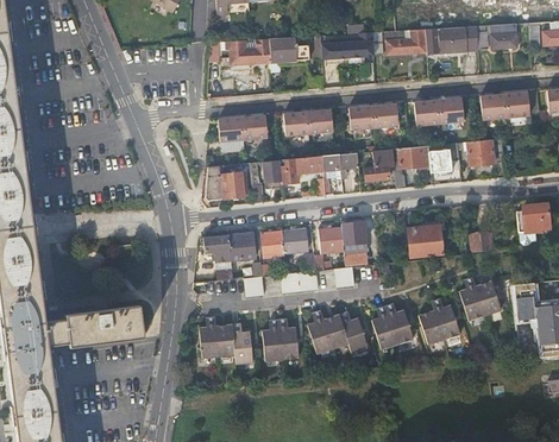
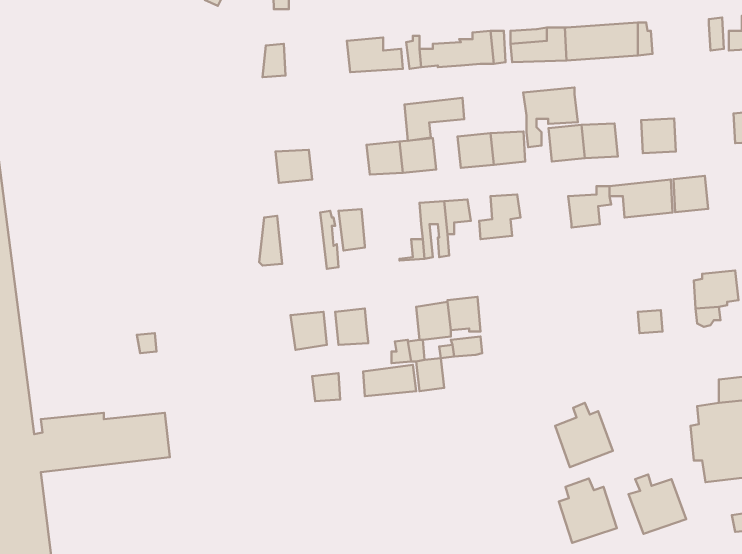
building: [490,23,517,48] -> none
building: [230,38,271,64] -> none
building: [504,91,529,118] -> [673,176,708,212]
building: [241,114,268,138] -> none
building: [391,145,431,188] -> [523,88,578,147]
building: [280,154,322,185] -> [405,98,464,141]
building: [220,173,247,198] -> none
building: [408,225,445,259] -> none
building: [282,228,307,254] -> none
building: [203,235,232,266] -> none
building: [458,276,500,318] -> [628,474,686,534]
building: [372,303,414,349] -> [559,478,617,543]
building: [307,310,369,354] -> none
building: [197,318,253,365] -> none
building: [263,320,300,361] -> none

